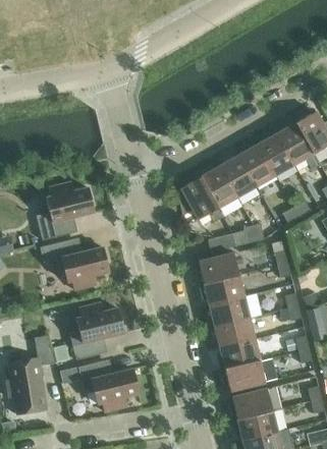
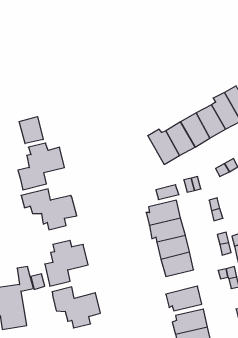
building: none -> [19,117,43,144]
building: [178,173,223,223] -> none
building: [216,340,260,371] -> none

